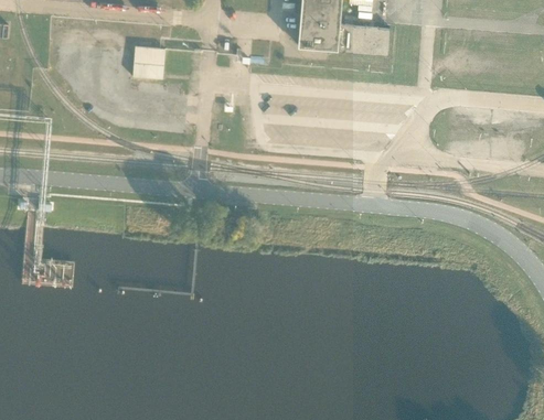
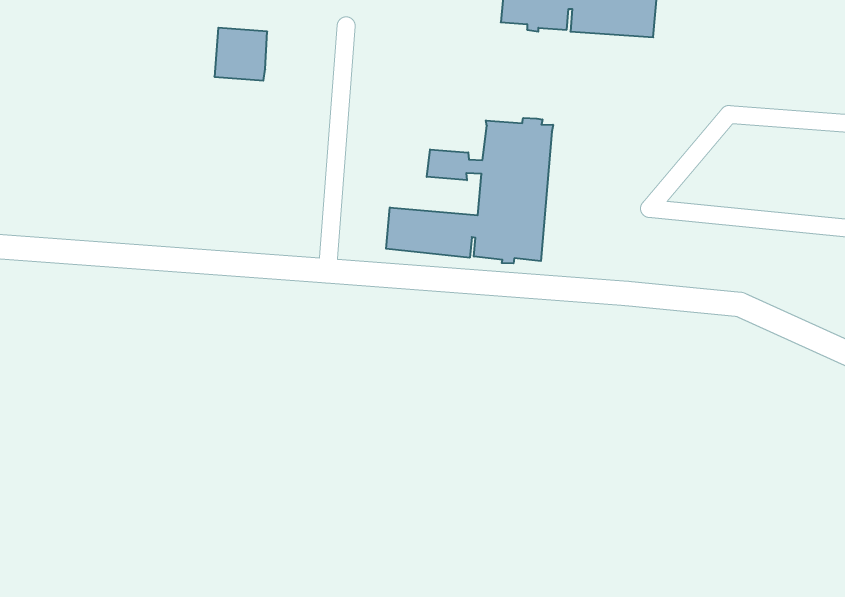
building: none -> [386,118,553,263]

